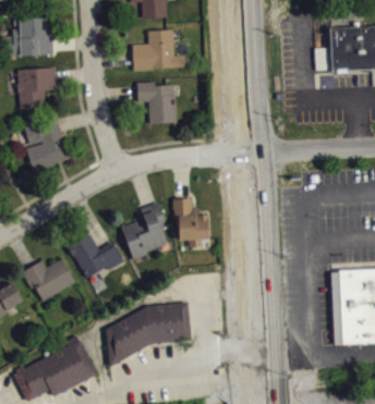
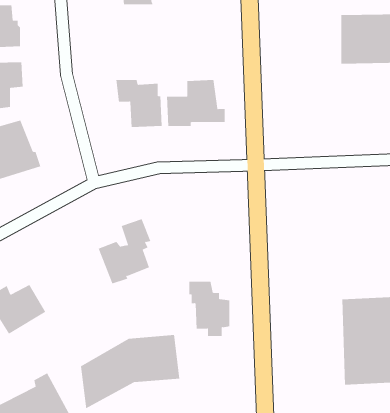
building: [131,29,182,70] -> [166,80,226,126]
building: [172,198,208,246] -> [188,281,230,337]
building: [66,233,124,279] -> none

